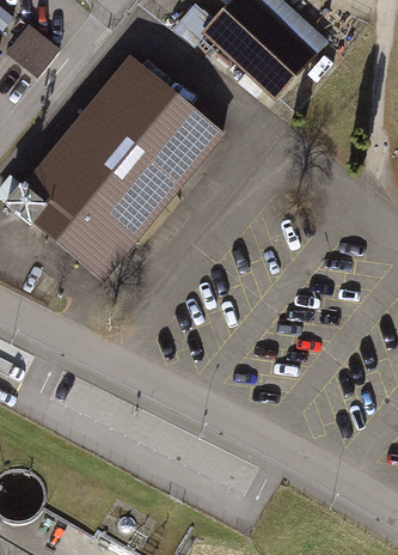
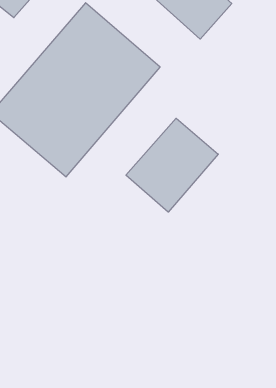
building: none -> [126,118,218,212]

